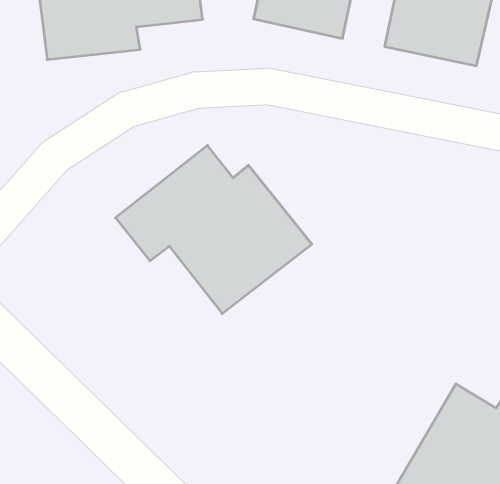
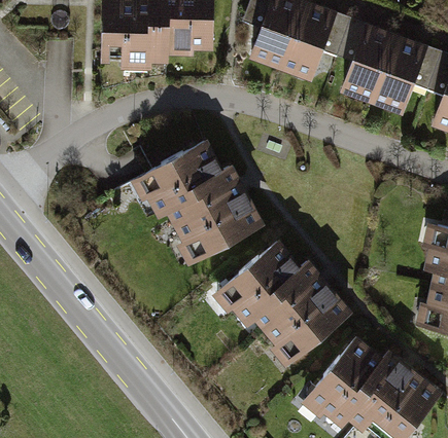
building: none -> [214,239,355,365]

